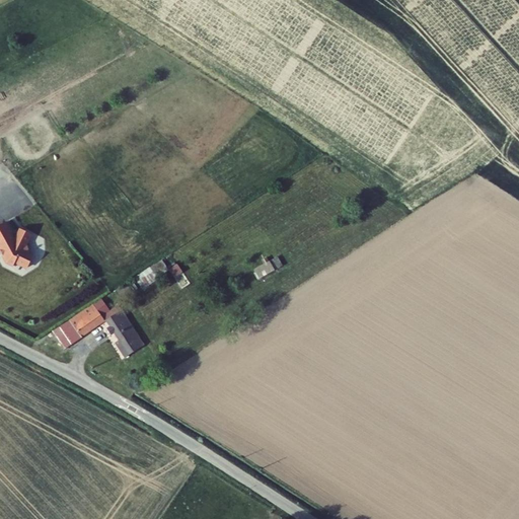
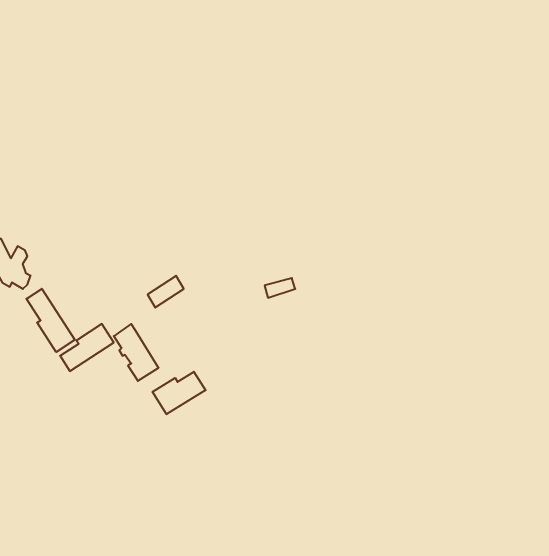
building: none -> [26,289,75,352]
building: none -> [153,372,206,414]

